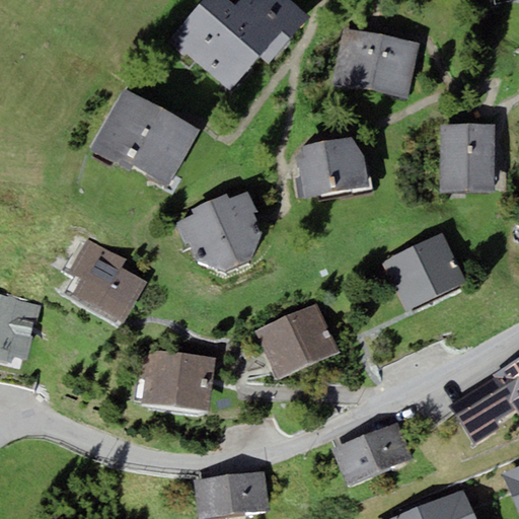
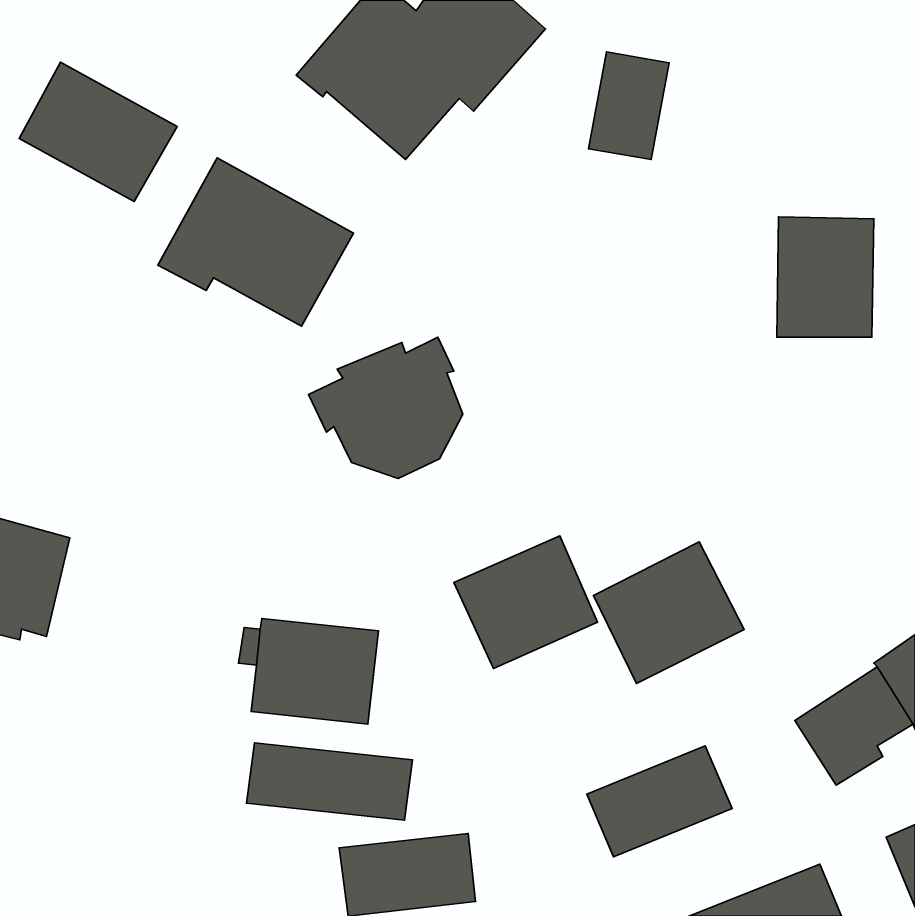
building: none -> [19,62,177,202]
building: [368,35,419,97] -> none
building: [297,136,367,198] -> none
building: [381,231,466,311] -> [593,542,744,683]
building: [68,239,146,323] -> none
building: none -> [246,743,412,820]

